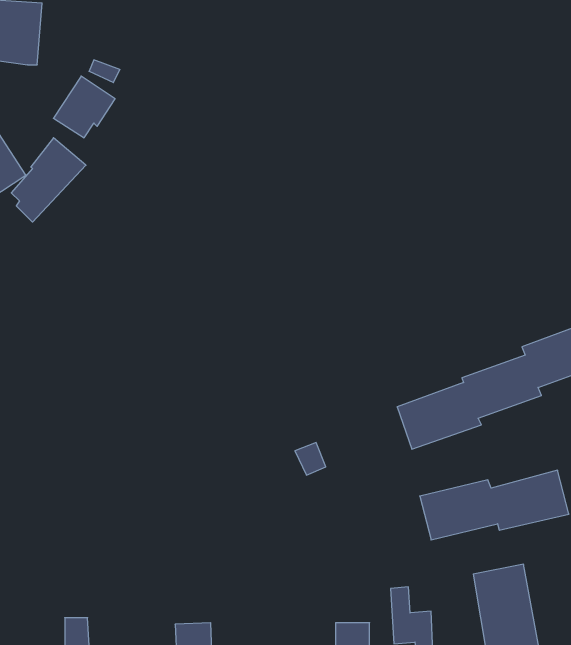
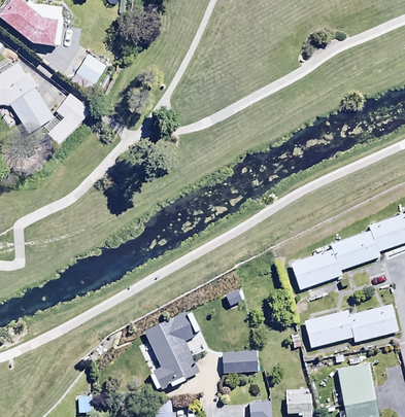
building: none -> [145,318,200,398]
building: none -> [222,350,257,373]

